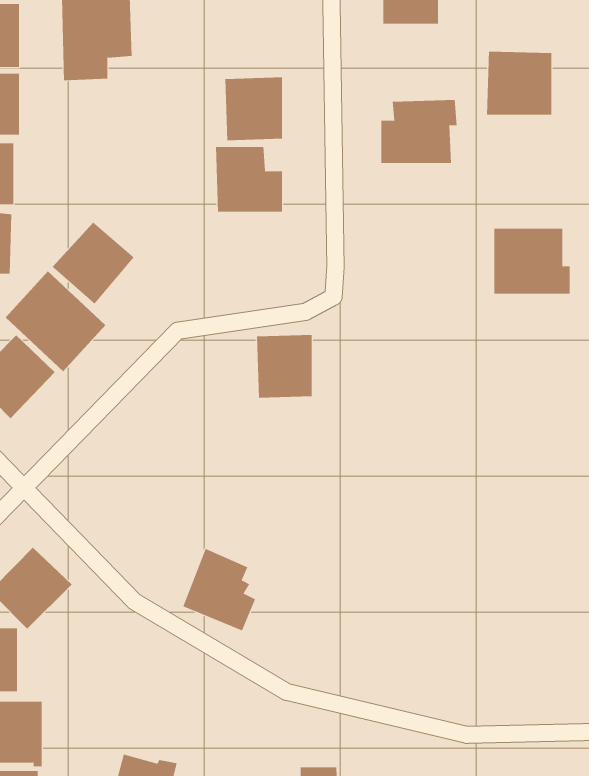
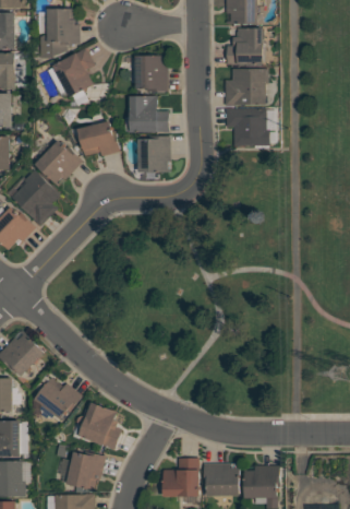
building: [486,51,552,115] -> [226,28,264,66]
building: none -> [53,47,96,98]
building: none -> [77,121,120,162]
building: [494,228,571,294] -> [226,108,270,146]
building: [256,334,313,398] -> [137,137,170,174]
building: [182,548,256,631] -> [80,400,122,448]
building: none -> [35,372,83,419]

